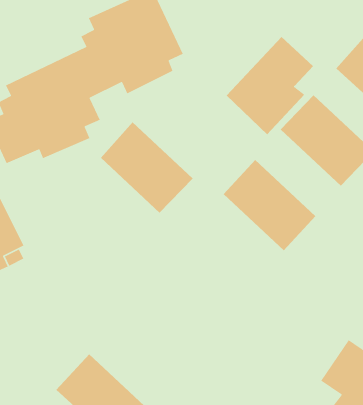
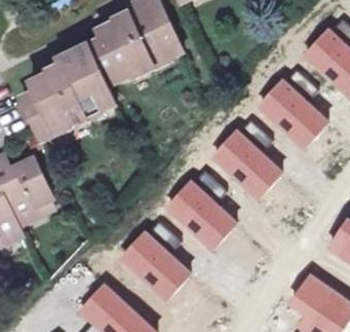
building: [226,36,314,135] -> none
building: [100,121,193,213] -> [164,179,238,252]
building: none -> [120,230,194,303]

